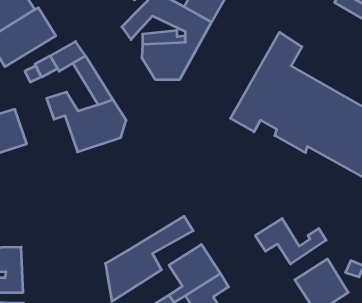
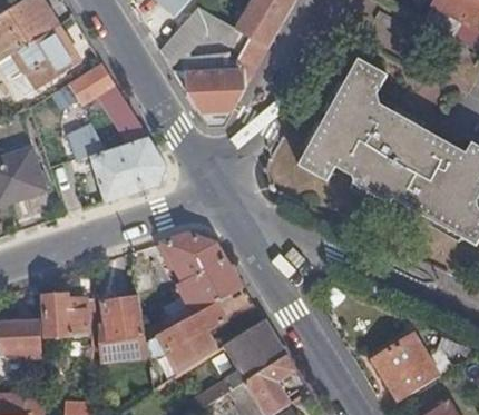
building: none -> [159,231,238,325]
building: [255,218,326,264] -> none
building: none -> [42,295,86,337]
building: none -> [89,296,144,363]

